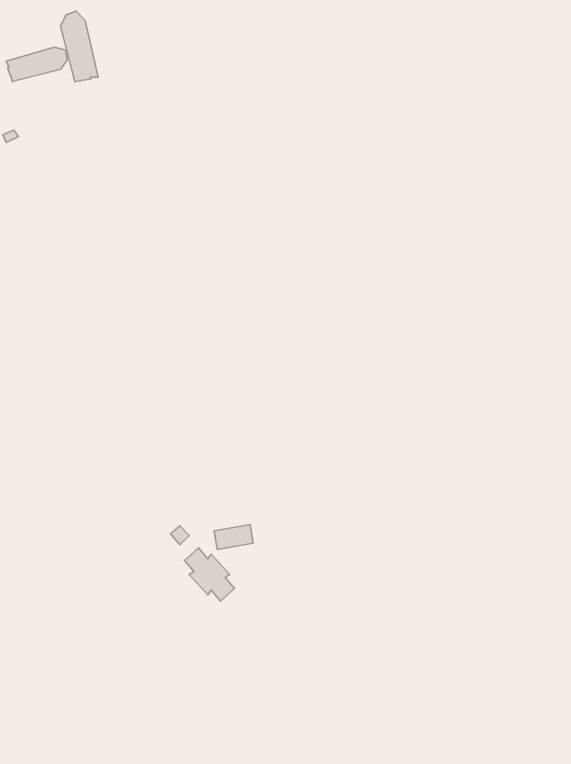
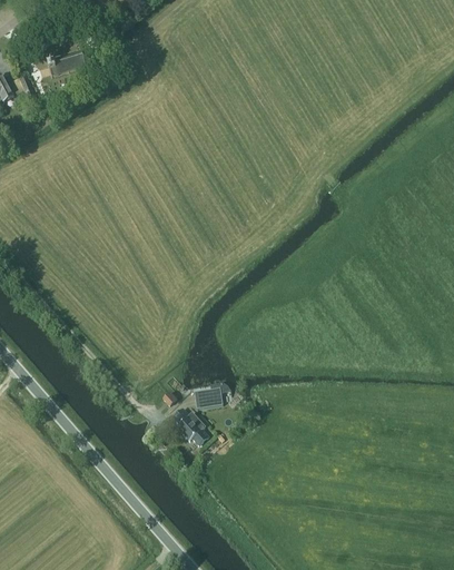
building: [60,11,98,82] -> none

